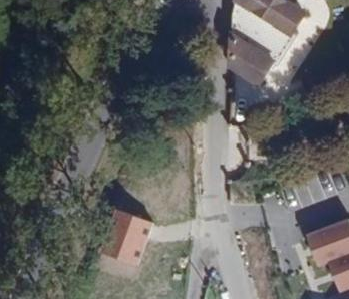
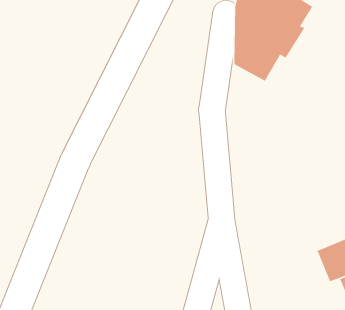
building: [94,208,151,264] -> none

